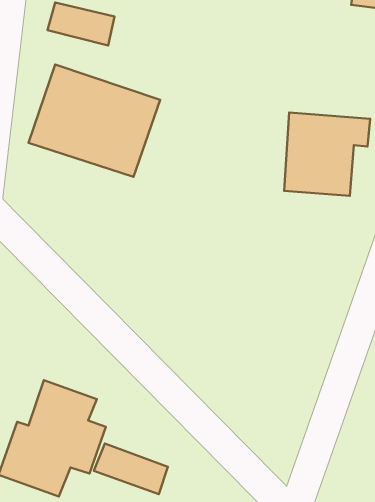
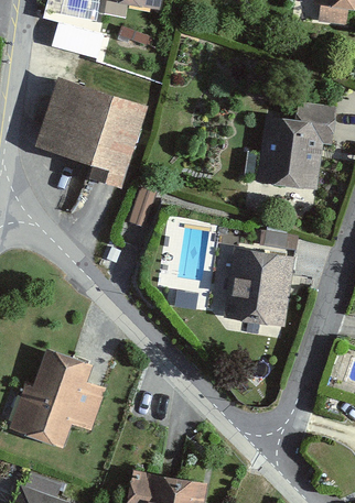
building: none -> [224,248,294,327]
building: [94,443,168,494] -> none

